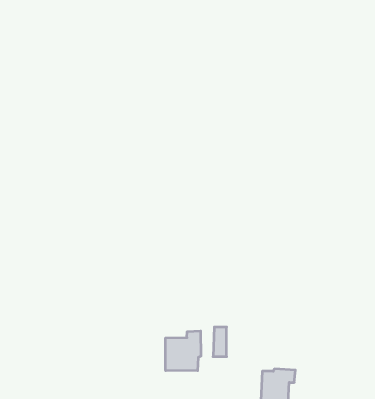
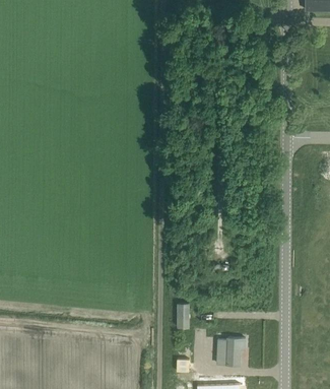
building: [166,331,201,371] -> none

